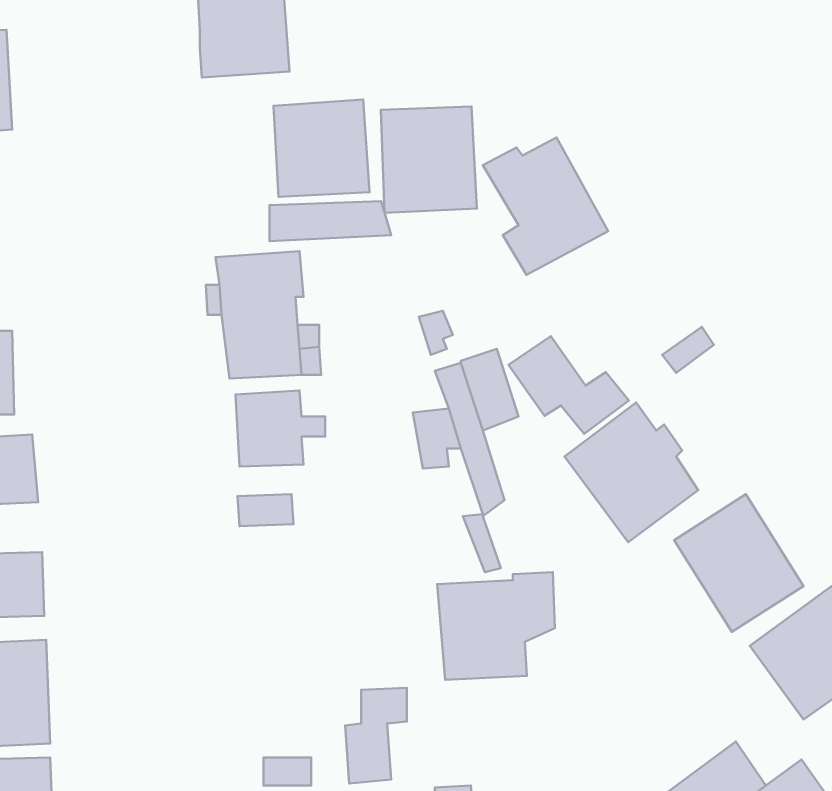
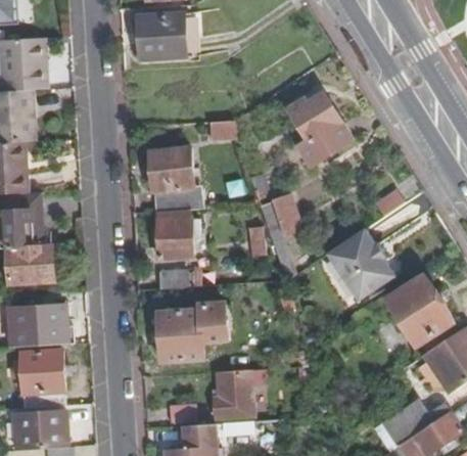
building: [273,100,370,197] -> none
building: [381,107,477,213] -> none
building: [509,336,629,434] -> none
building: [437,572,555,680] -> [158,308,219,363]

